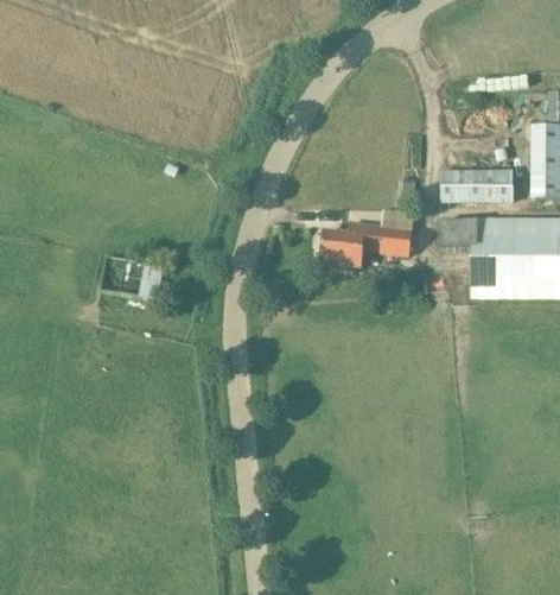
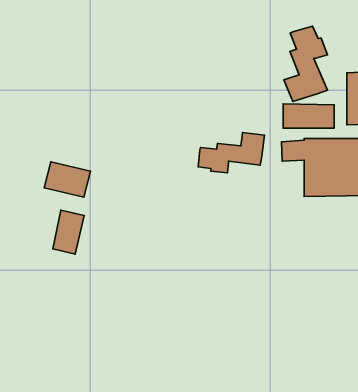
building: none -> [284,26,328,101]
building: none -> [53,210,84,254]

